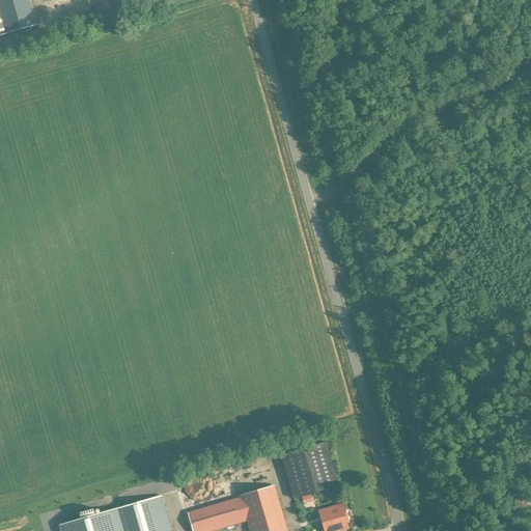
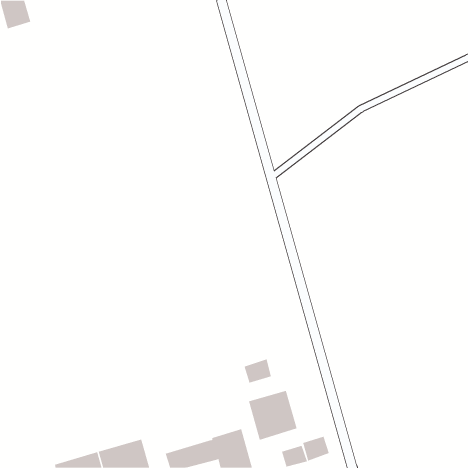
building: none -> [244,358,272,383]
building: none -> [302,436,330,462]

